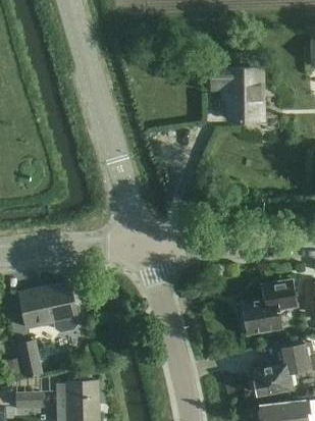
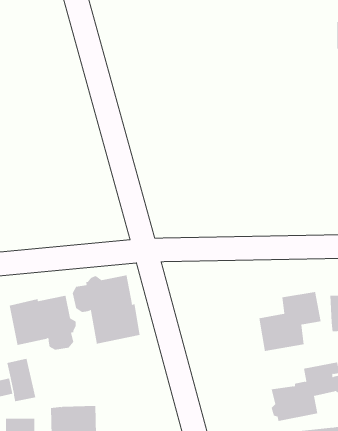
building: [211,61,262,120] -> none
building: none -> [72,274,140,344]

